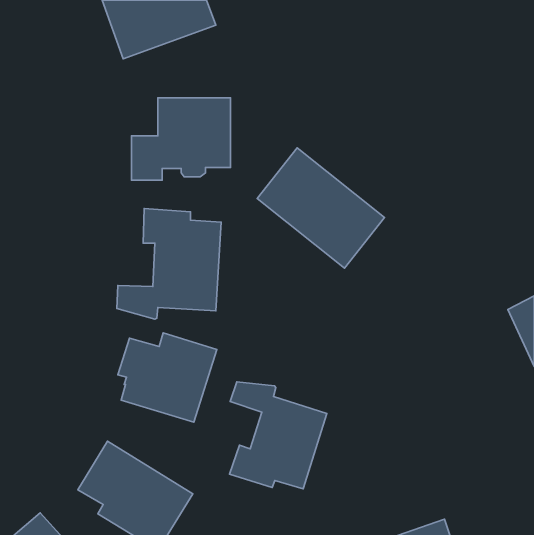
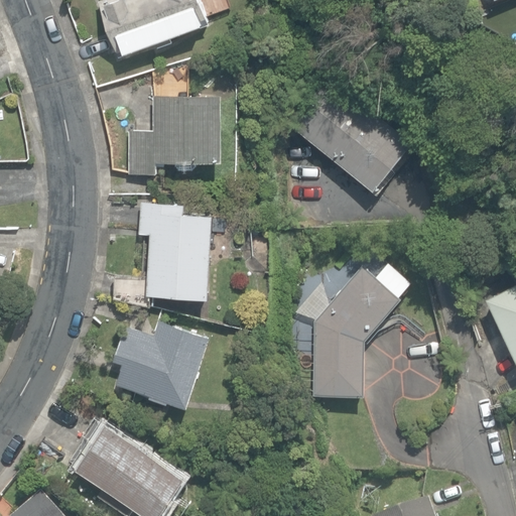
building: [257,148,385,268] -> [288,77,410,191]
building: none -> [291,265,408,396]
building: [229,382,327,489] -> none

